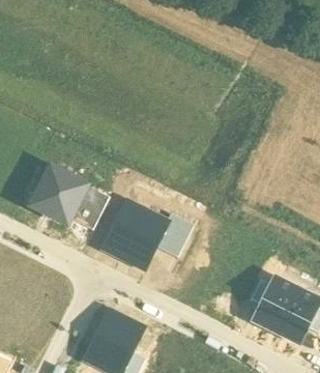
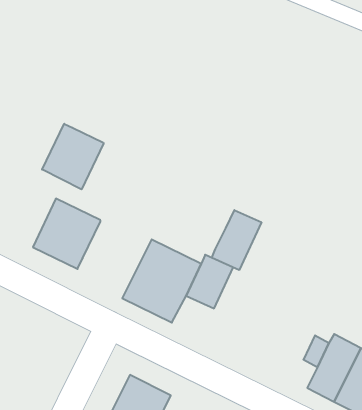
building: none -> [42,124,104,189]
building: none -> [212,210,261,270]
building: [71,187,108,227] -> none

